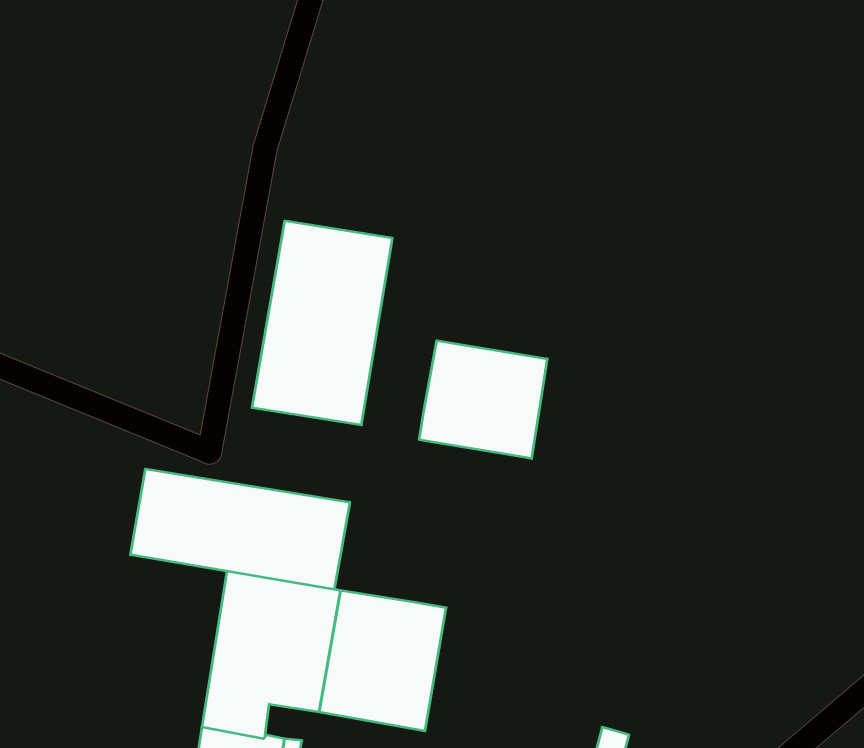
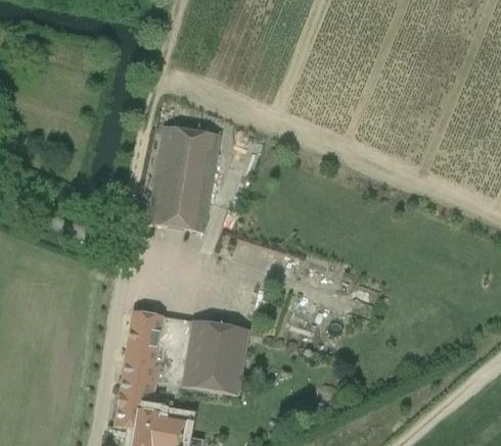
building: [419,341,547,459] -> none
building: [130,469,350,589] -> none

